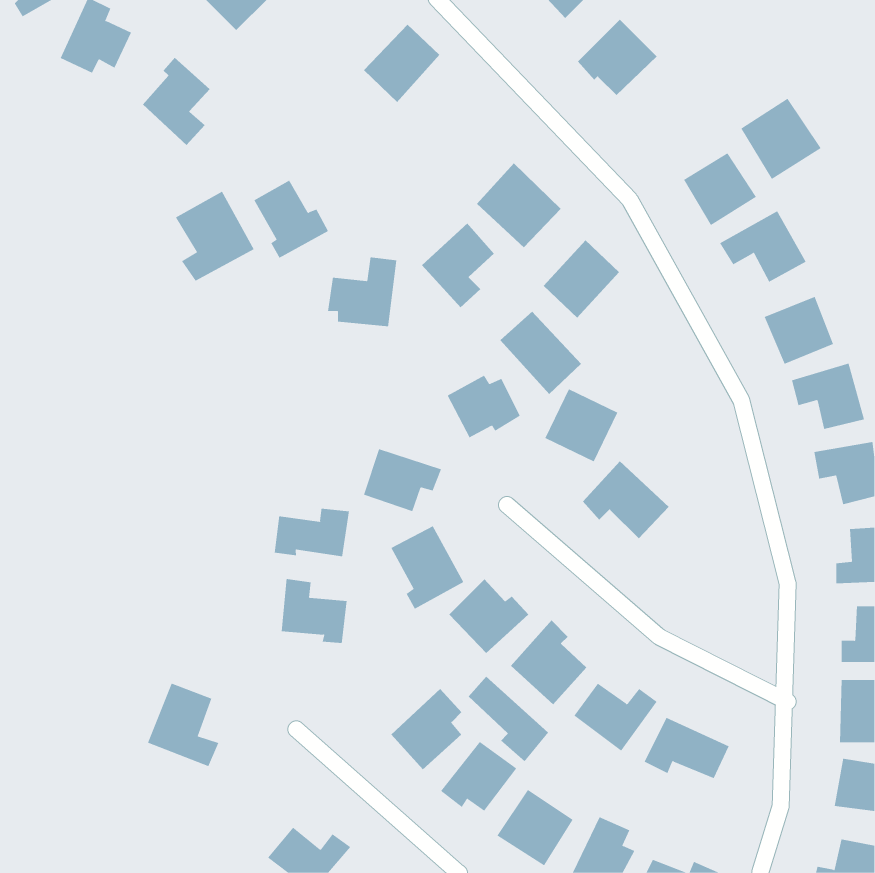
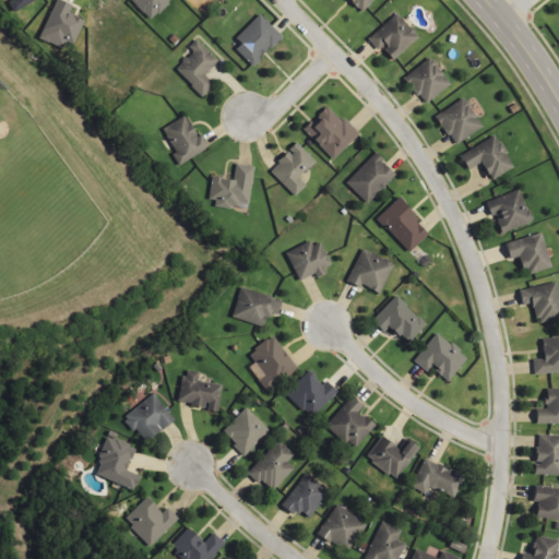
building: [142,57,211,146] -> [175,39,218,96]
building: none -> [404,57,451,104]
building: [740,98,821,180] -> none
building: [175,191,254,282] -> none
building: [500,311,582,395] -> [377,199,429,252]
building: [274,508,349,557] -> none
building: none -> [413,332,467,381]
building: none -> [124,393,174,441]
building: none -> [222,406,270,454]
building: [468,676,549,762] -> none
building: none -> [124,496,179,546]

